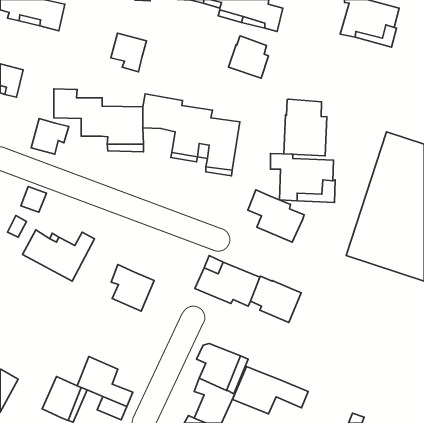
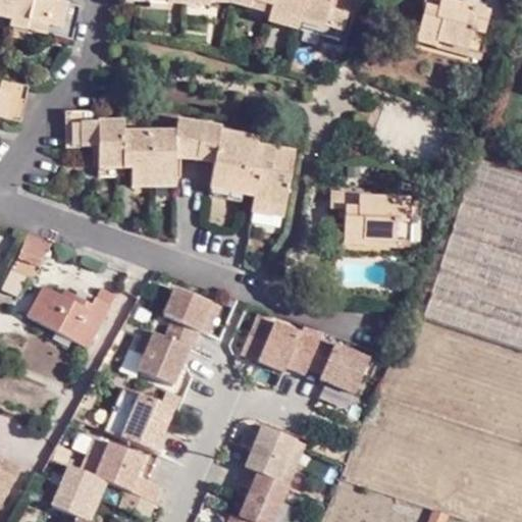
building: [111,33,147,72] -> none
building: [229,36,269,78] -> none
building: [284,99,327,156] -> none
building: [31,119,69,154] -> none
building: [248,190,304,242] -> none
building: none -> [164,283,220,346]
building: none -> [105,383,174,450]
building: [232,366,308,414] -> none

